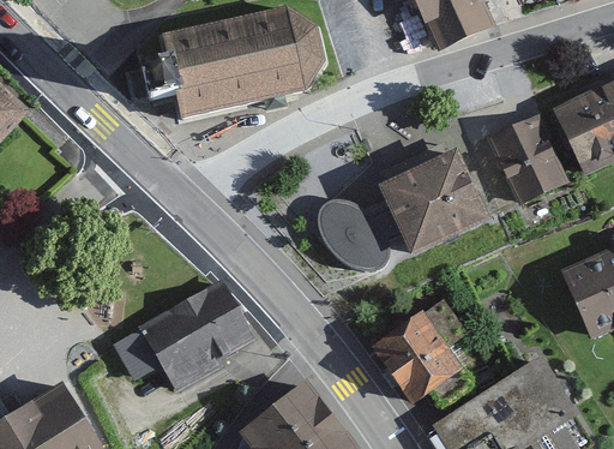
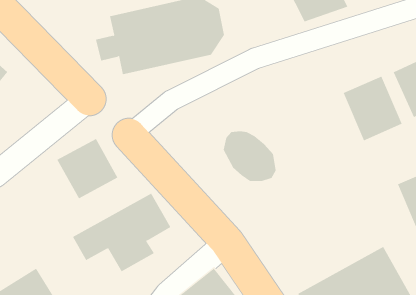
building: [377,146,487,252] -> none
building: none -> [57,138,118,199]
building: [373,313,460,406] -> none

